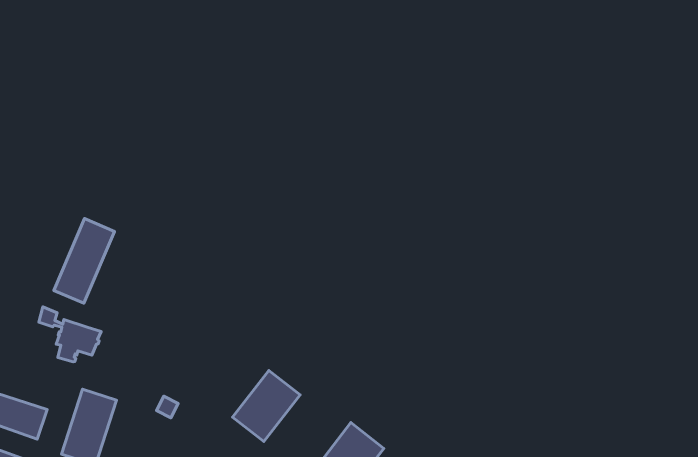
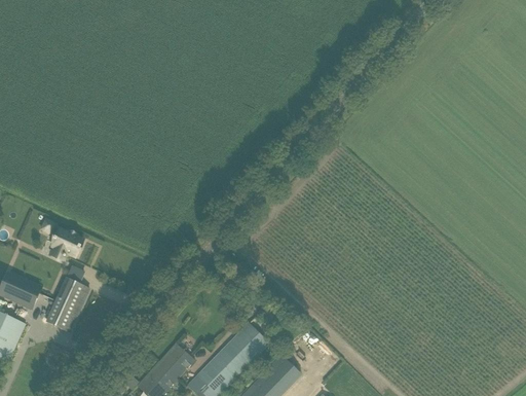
building: [54,219,114,303] -> none
building: [233,370,300,441] -> none

